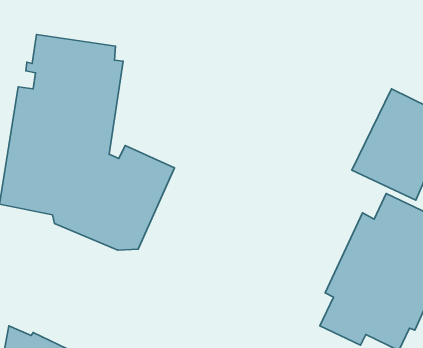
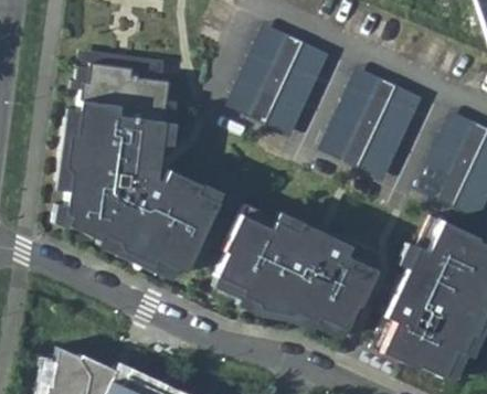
building: none -> [226,24,332,139]
building: none -> [320,64,426,179]
building: none -> [226,215,375,336]

